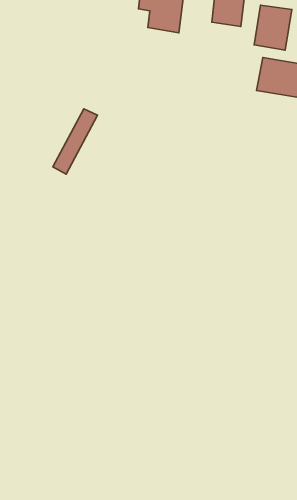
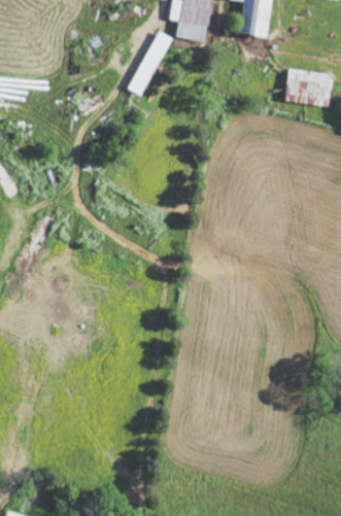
building: [254,5,292,50] -> none
building: [53,109,97,174] -> [128,31,172,96]

